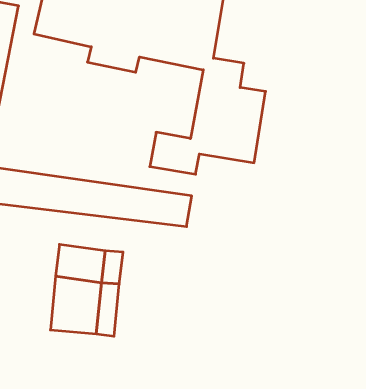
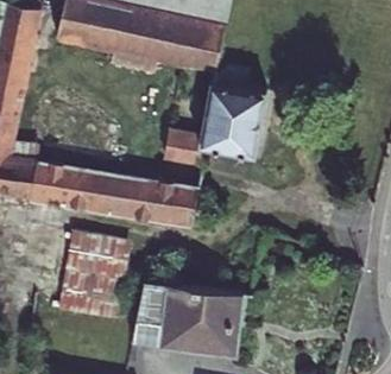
building: none -> [139,275,241,342]

